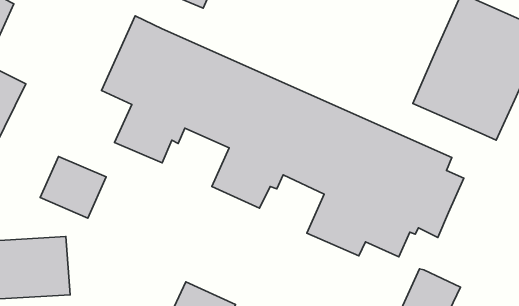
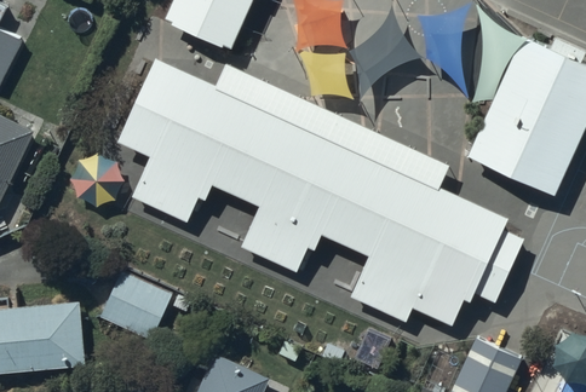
building: [40,156,106,218] -> [97,273,171,342]

